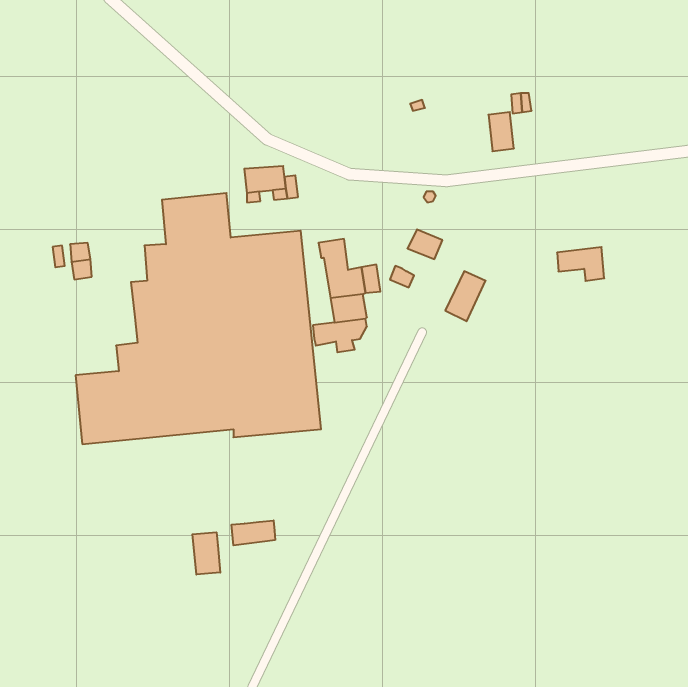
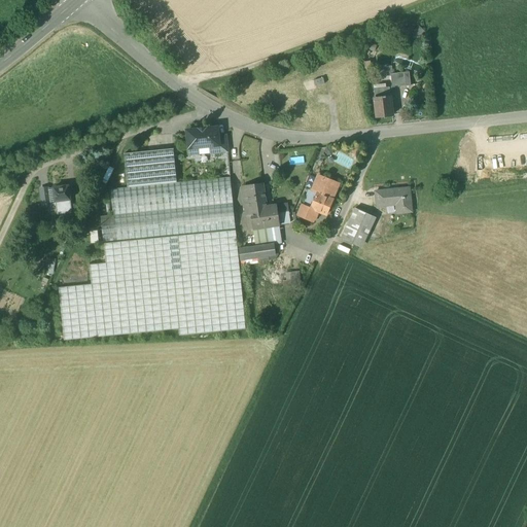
building: none -> [304,188,331,213]
building: [557,247,604,281] -> [375,186,411,212]
building: [232,520,275,545] -> none
building: [192,532,220,575] -> none

